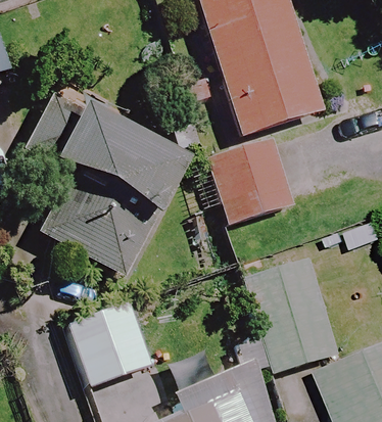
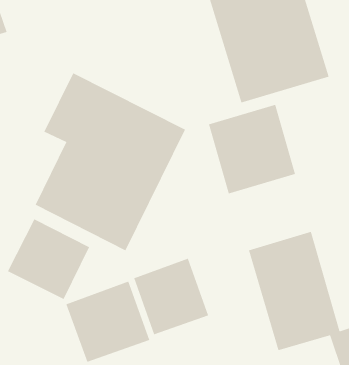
building: none -> [7,218,90,300]
building: none -> [134,258,209,335]

